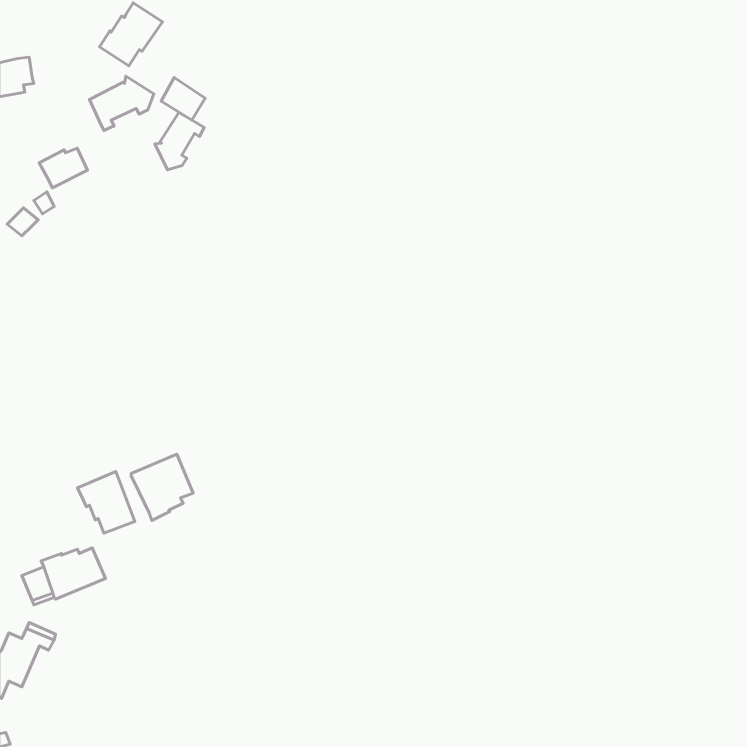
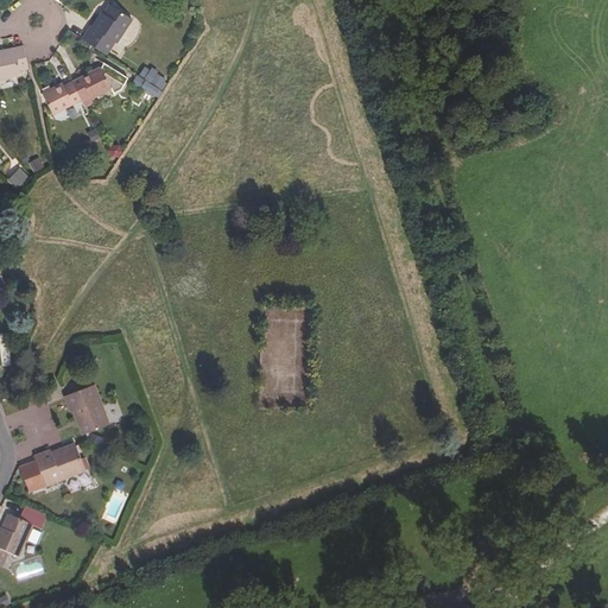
building: [155,113,204,170] -> none
building: [39,148,88,188] -> [42,81,81,113]
building: [131,454,193,521] -> none

